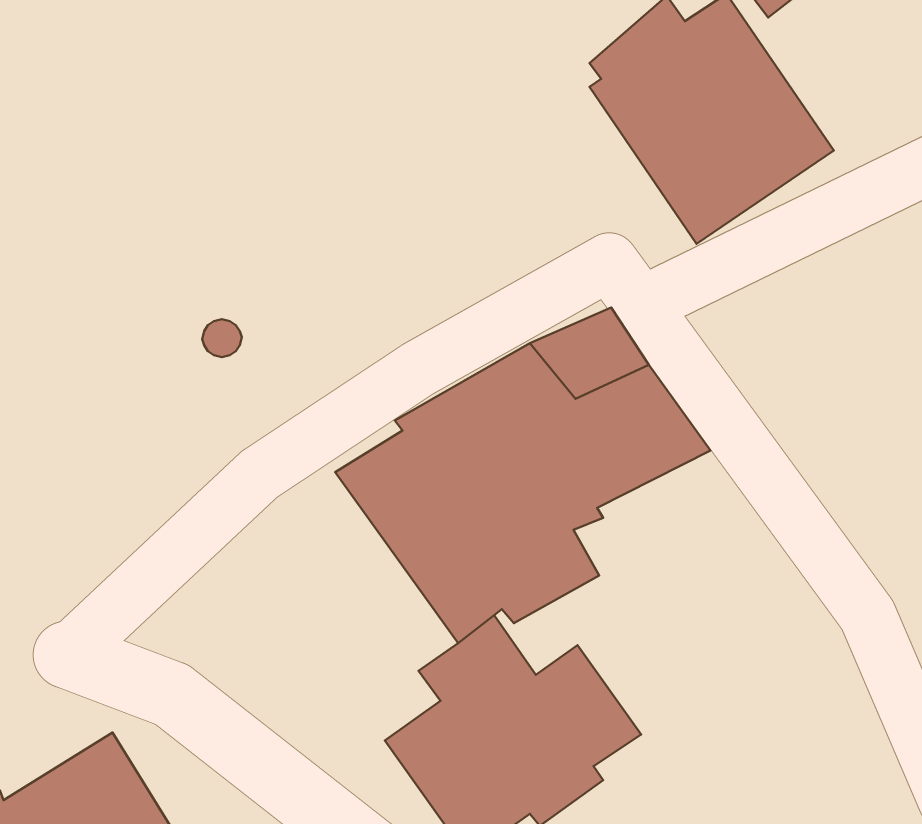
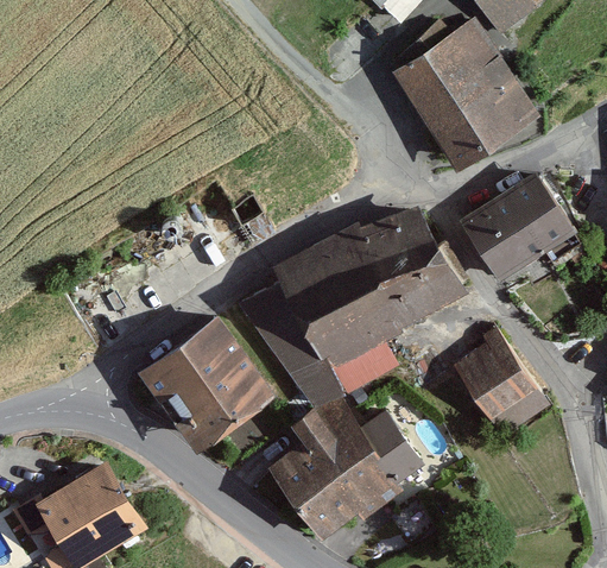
building: none -> [463,172,584,277]
building: none -> [139,315,274,450]
building: none -> [454,327,546,435]

